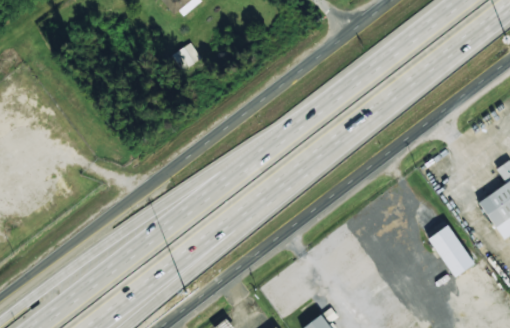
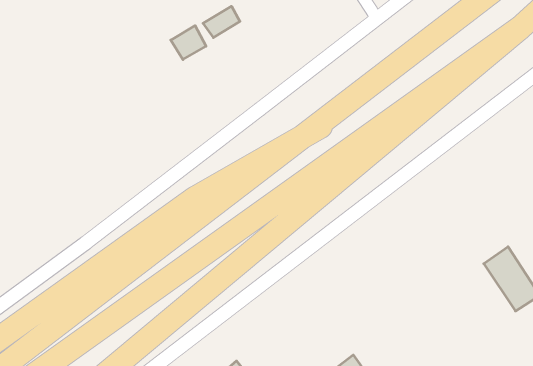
building: none -> [203,6,240,38]

